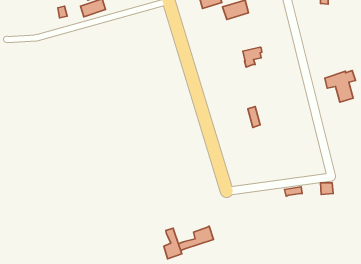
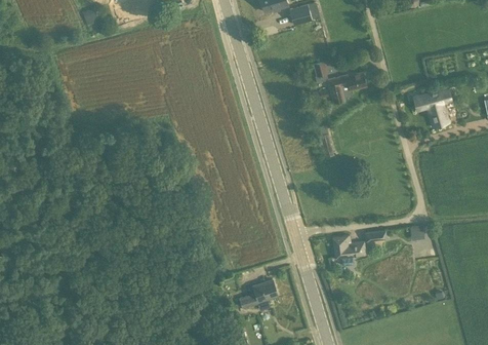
building: none -> [328,72,366,103]
building: none -> [332,235,365,258]
building: [164,228,182,259] -> none

